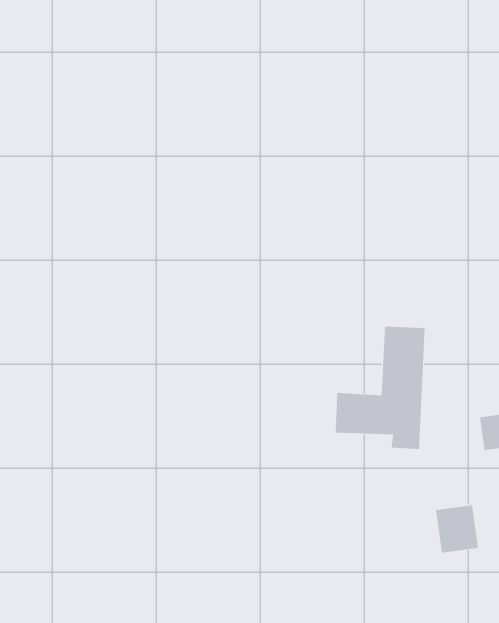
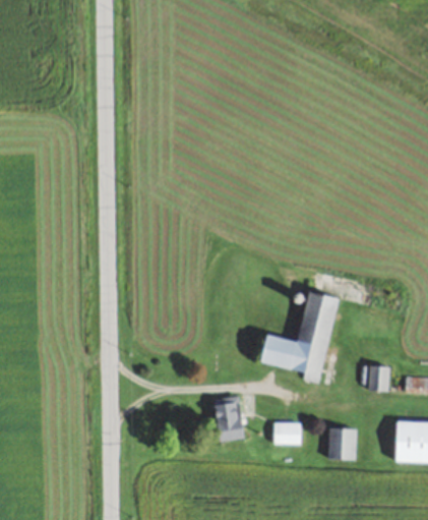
building: none -> [213,396,244,441]
building: none -> [272,422,300,445]

